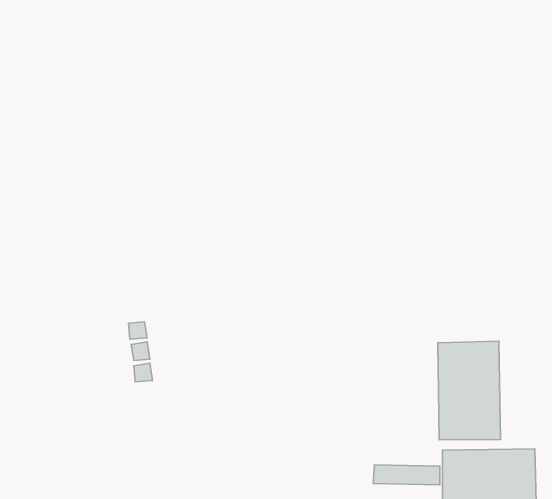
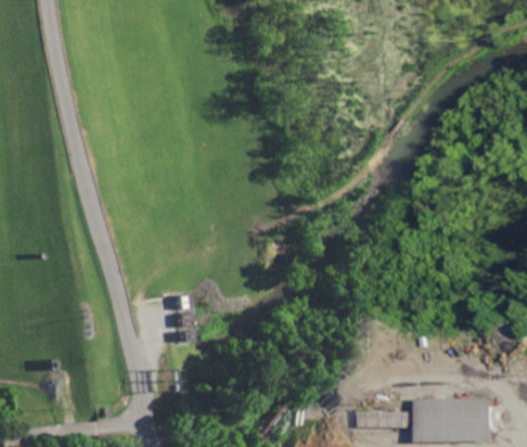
building: [438,341,500,440] -> none

